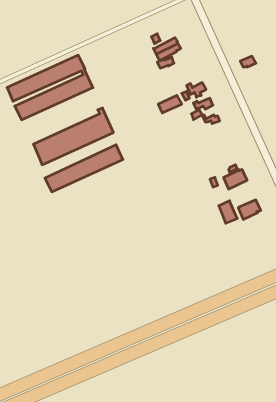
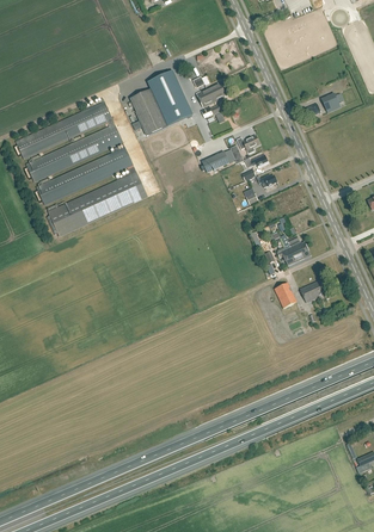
building: none -> [129,69,192,134]
building: [45,145,123,192] -> [36,146,131,203]

